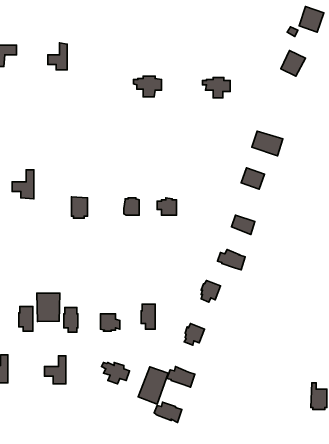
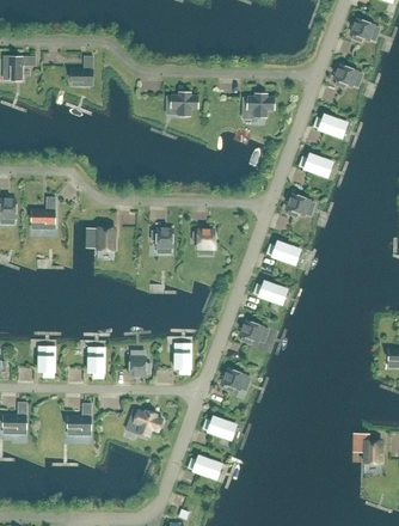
building: none -> [318,112,349,141]
building: [37,293,60,322] -> none
building: [138,367,168,404] -> none

